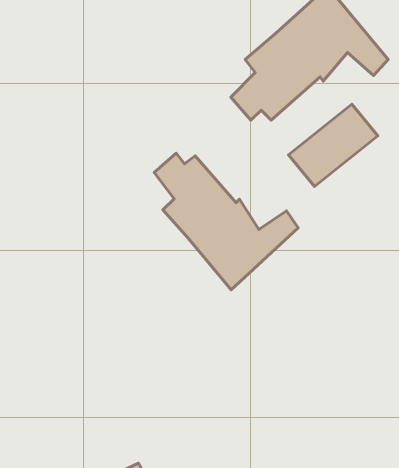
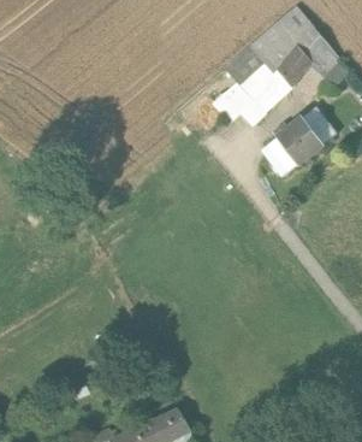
building: [154,153,298,290] -> none

